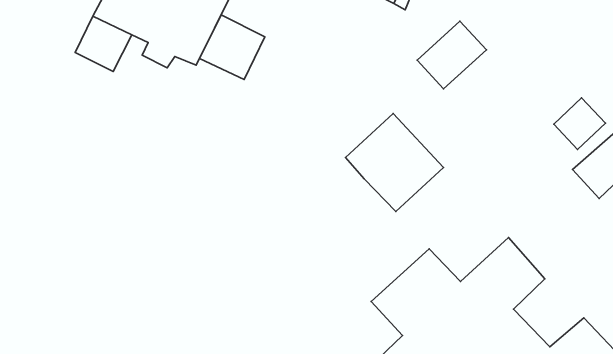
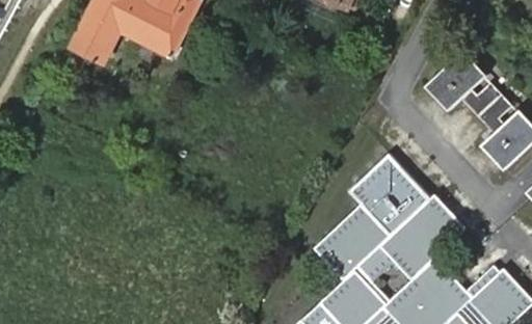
building: [199,15,265,79] -> none
building: [417,21,486,89] -> [428,51,485,107]
building: [345,113,444,211] -> [348,154,429,235]

